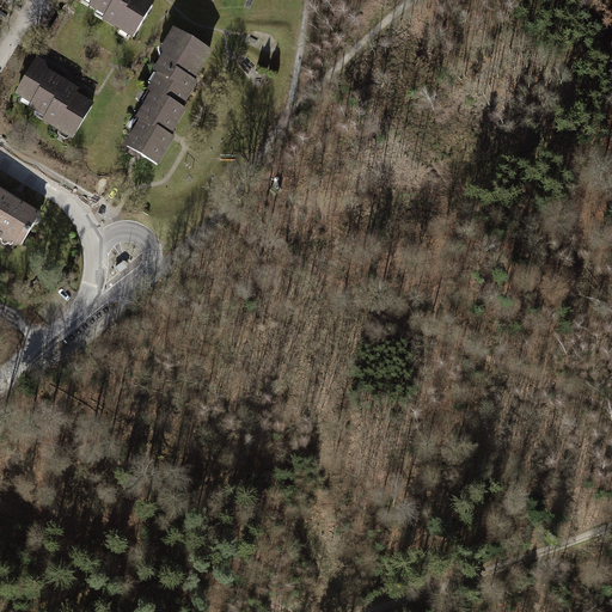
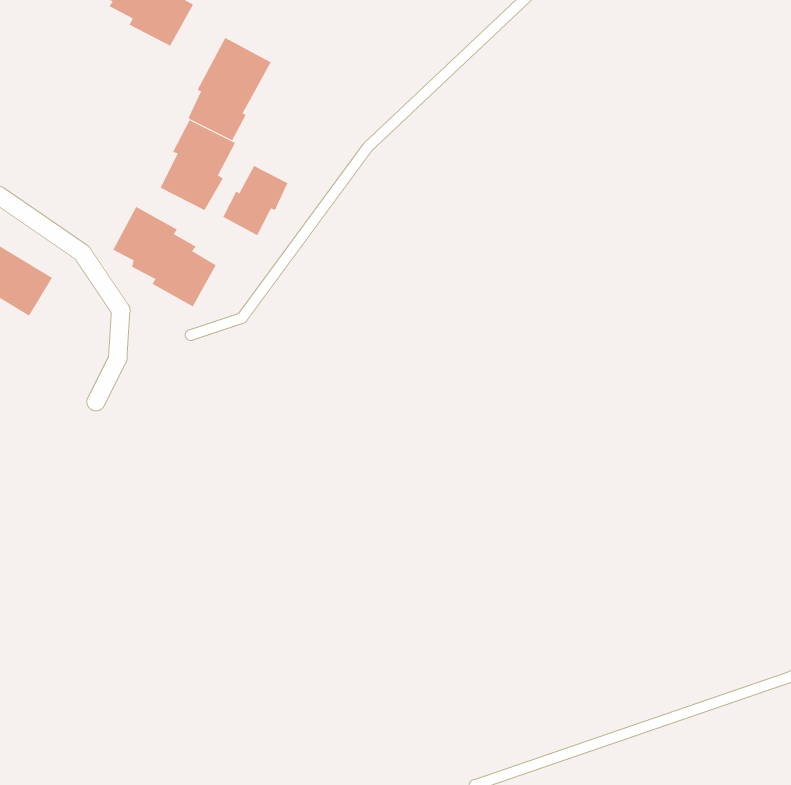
building: [13,57,93,135] -> [113,206,217,307]
building: none -> [222,165,288,236]

